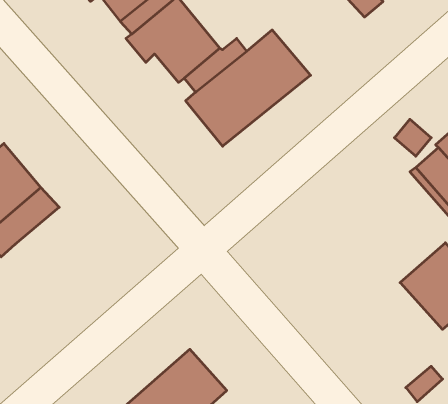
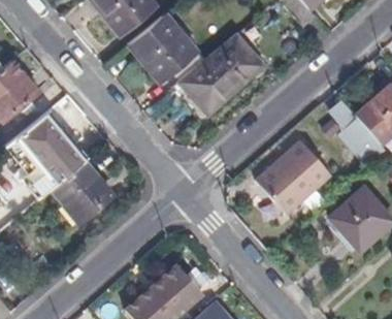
building: none -> [257,142,332,216]
building: none -> [50,162,109,222]

